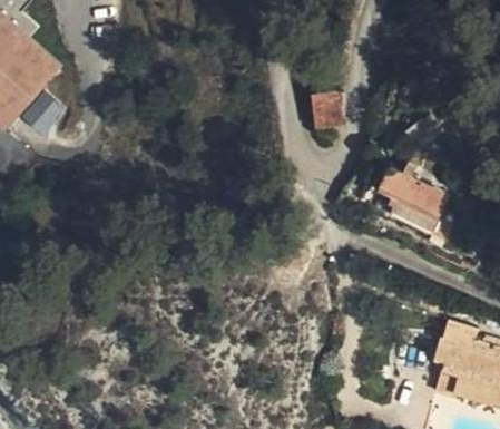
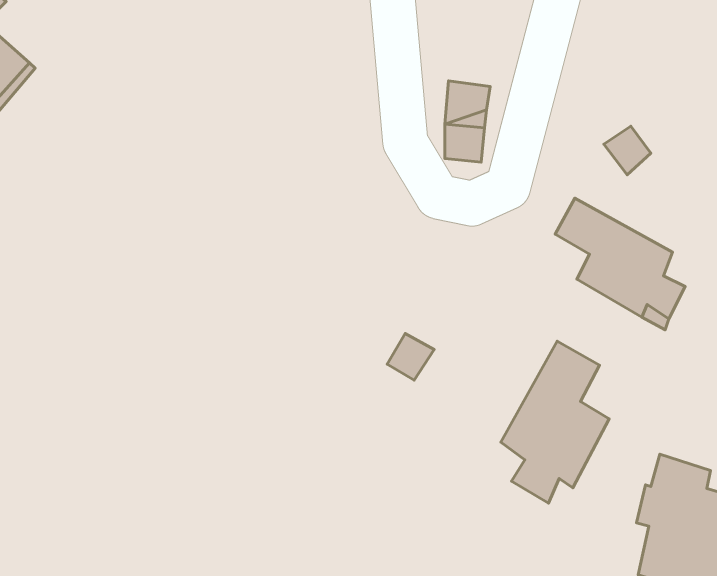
building: none -> [501,341,609,503]

